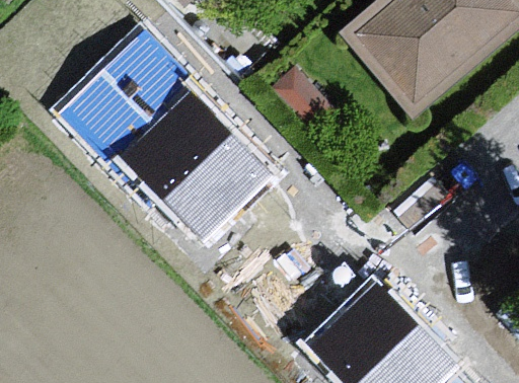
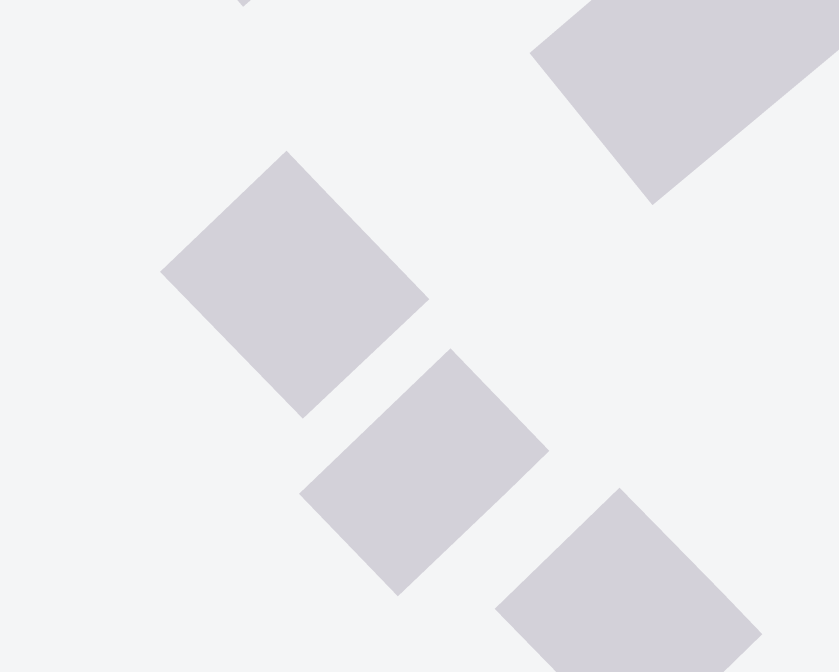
building: none -> [298,347,550,597]

